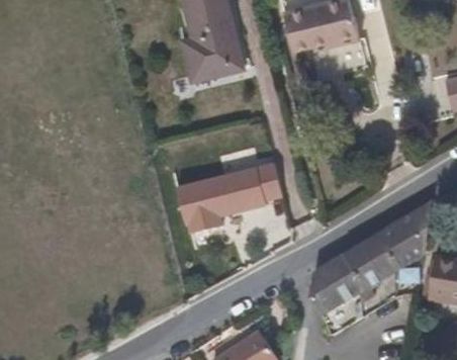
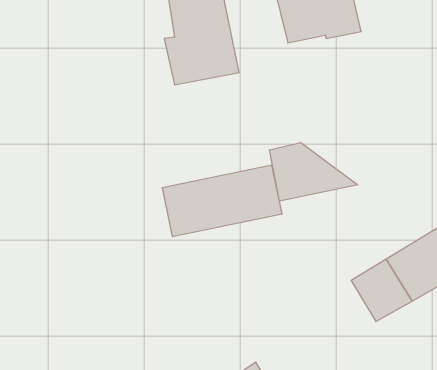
building: none -> [269,142,358,201]
building: [311,259,367,319] -> none

